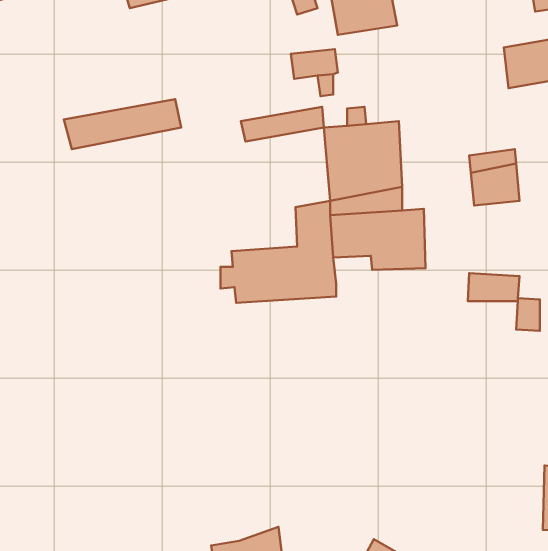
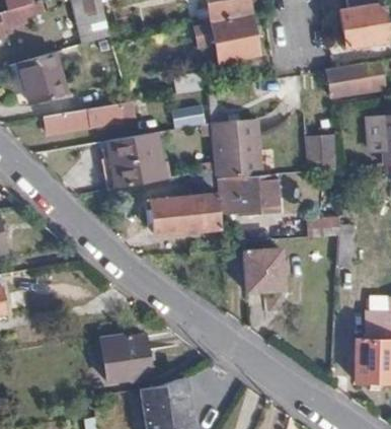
building: none -> [25,52,72,101]
building: none -> [107,131,164,187]
building: none -> [244,248,283,292]
building: none -> [102,334,154,383]

